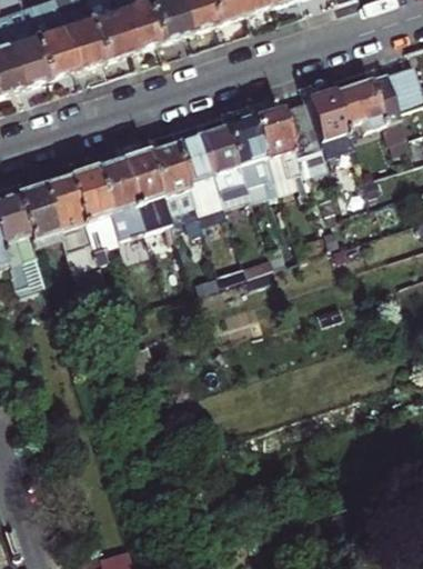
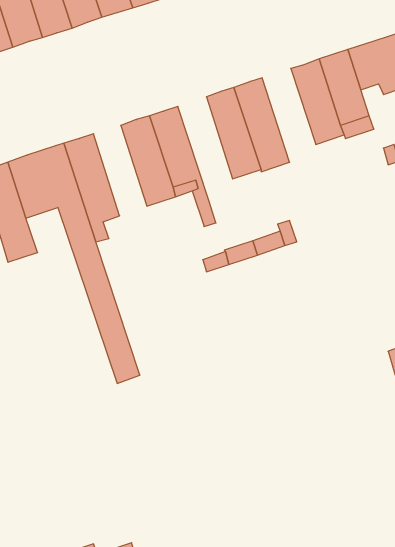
building: [254,106,309,194] -> none
building: [175,132,230,229] -> none
building: [97,159,147,243] -> none

